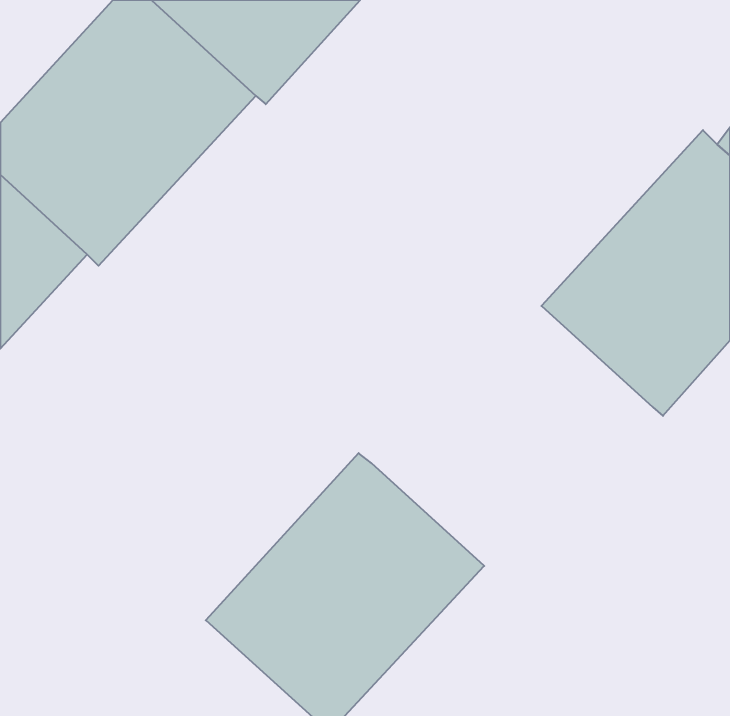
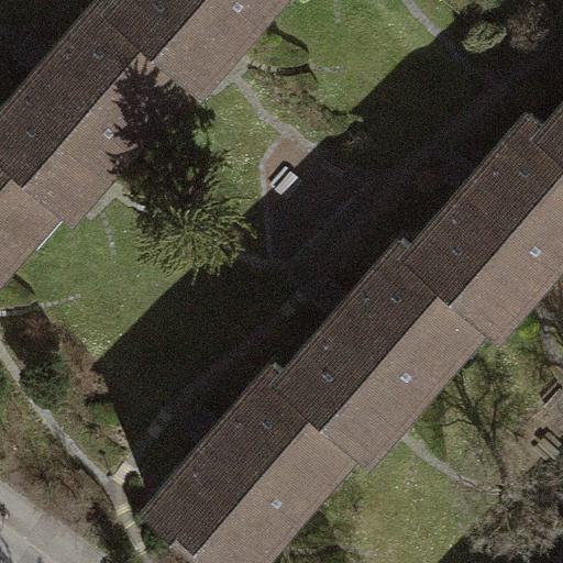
building: none -> [286,236,503,455]

